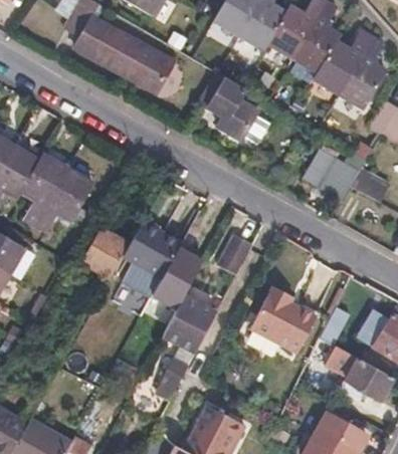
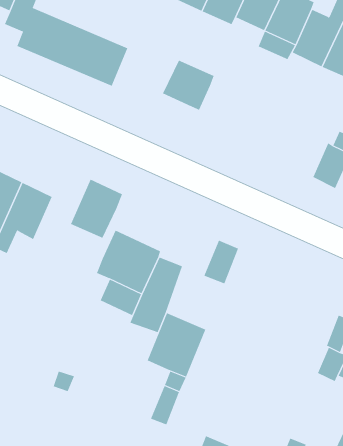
building: [215,99,269,144] -> none
building: [302,143,340,188] -> none
building: [83,226,132,279] -> [70,179,123,238]
building: [251,287,318,355] -> none

